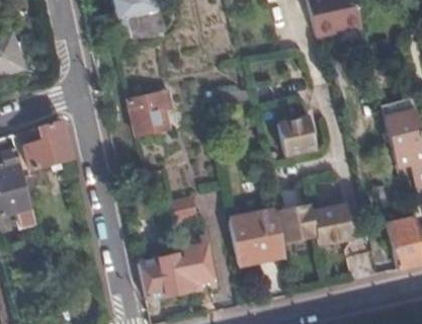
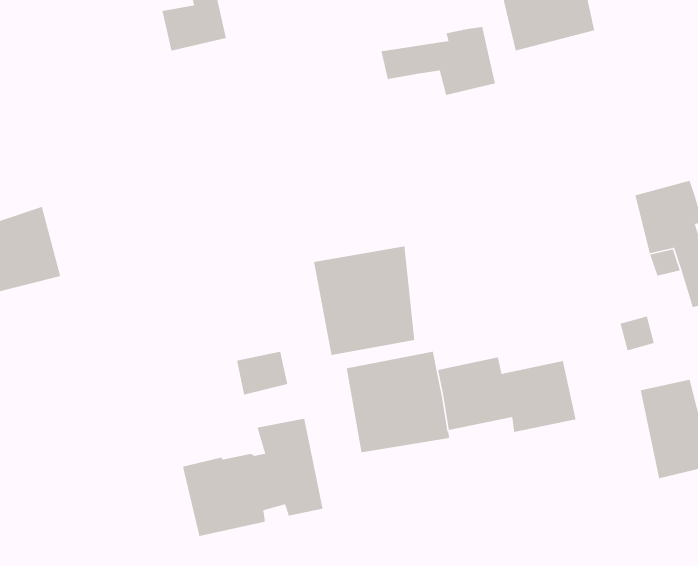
building: none -> [381,26,496,96]
building: [129,87,170,134] -> none
building: [278,117,316,156] -> none
building: none -> [313,246,415,356]

